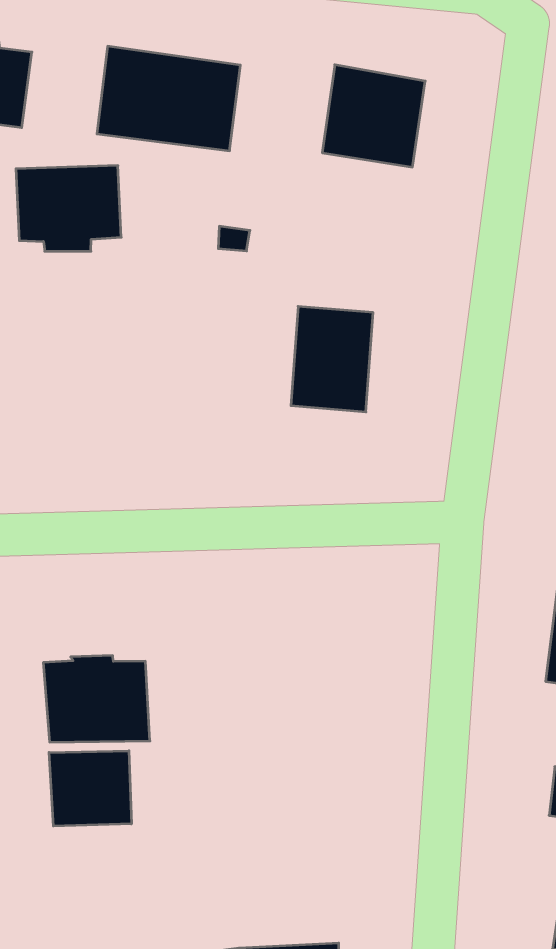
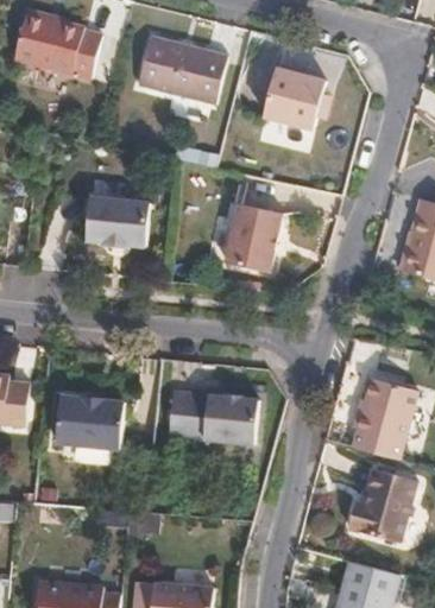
building: [16,166,121,251] -> [86,195,150,249]
building: none -> [169,393,259,445]
building: [49,751,131,826] -> none

